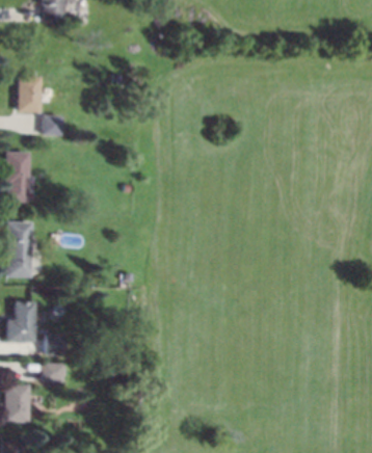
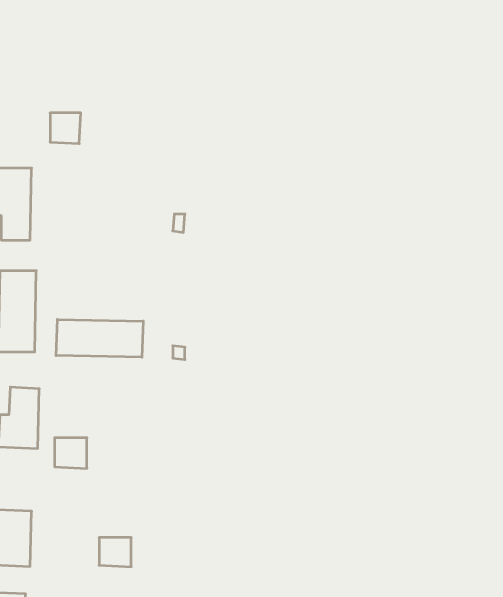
building: [19,75,43,112] -> none
building: none -> [56,319,143,357]
building: [43,362,64,381] -> [99,538,131,567]

